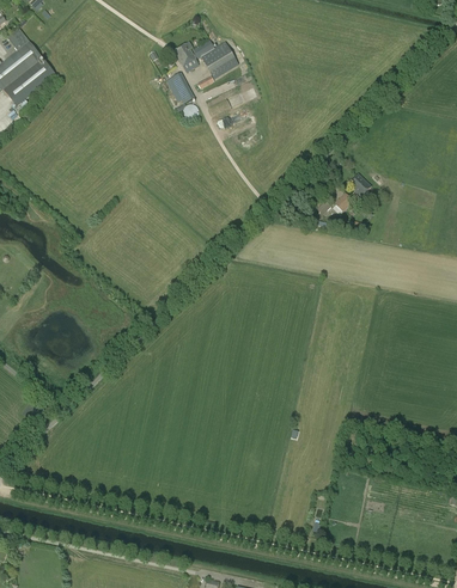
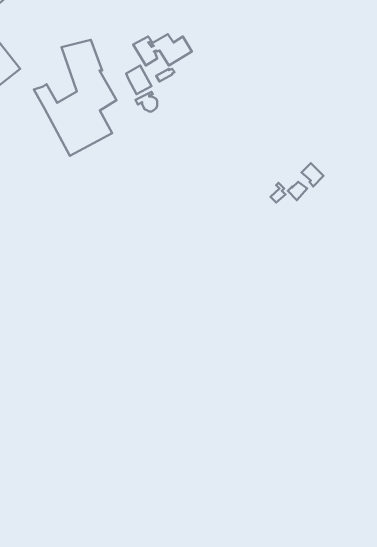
building: none -> [34,40,116,156]

